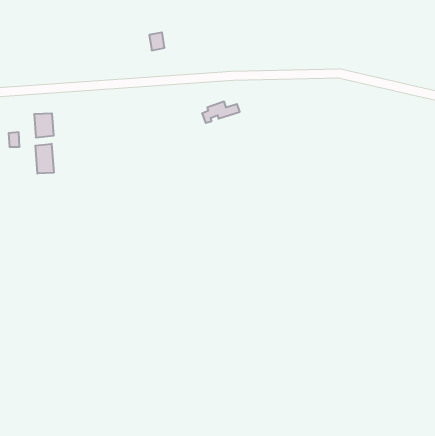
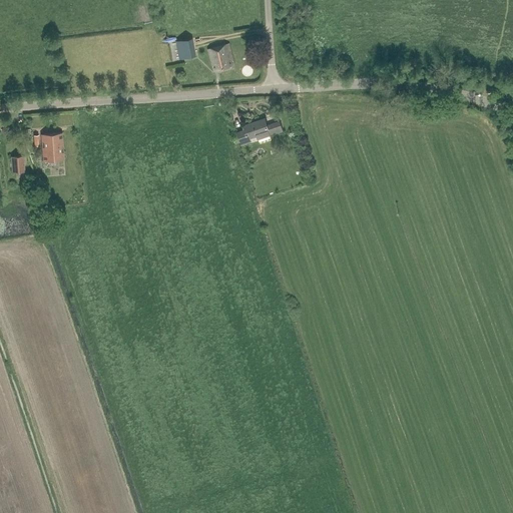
building: none -> [207,44,233,70]
building: [35,144,54,174] -> none

